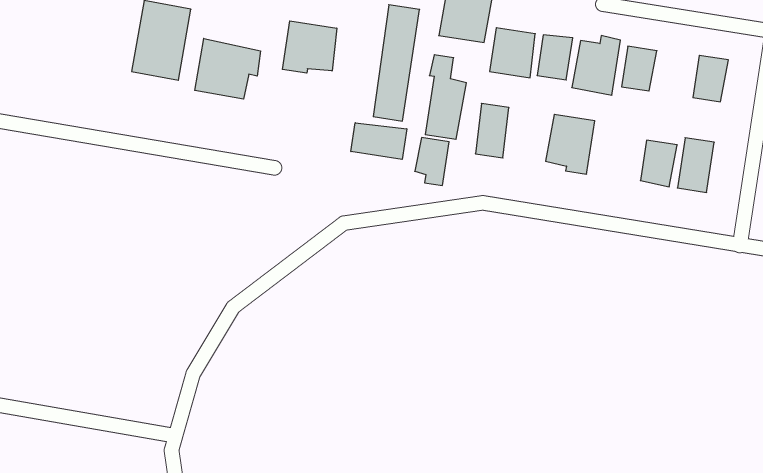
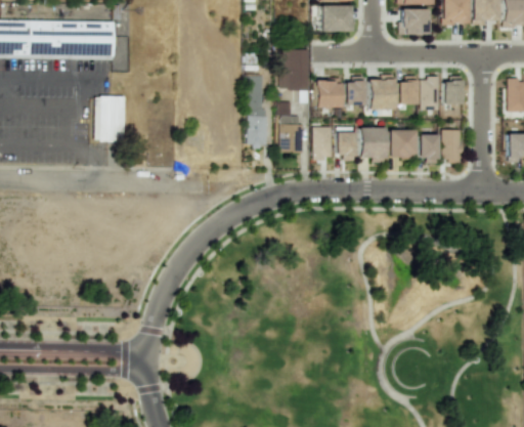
building: [282,21,337,73] -> none
building: [195,38,260,99] -> none
building: none -> [422,77,440,110]
building: [351,123,407,159] -> none
building: none -> [390,129,417,157]
building: [415,138,449,185] -> [337,132,355,160]

